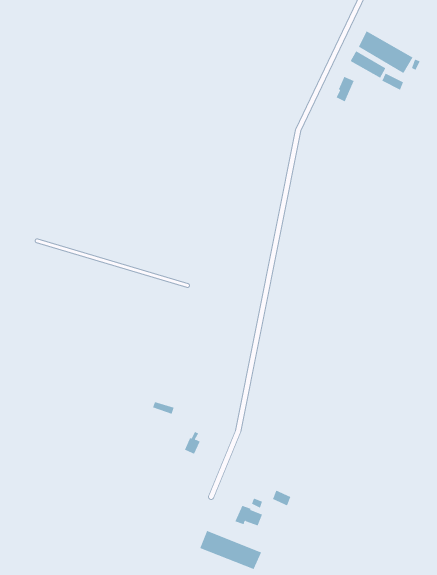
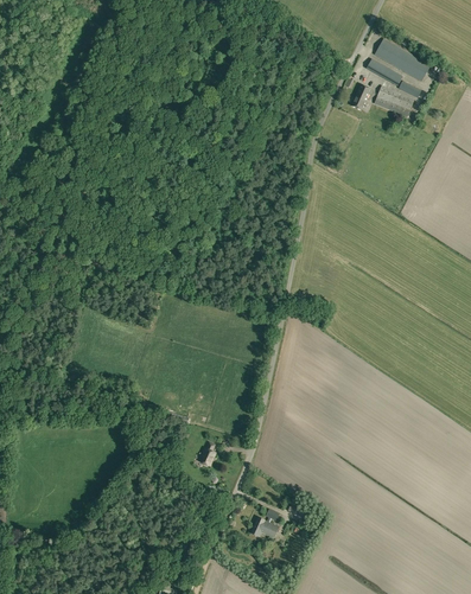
building: none -> [375,85,415,117]
building: [199,530,262,570] -> none

